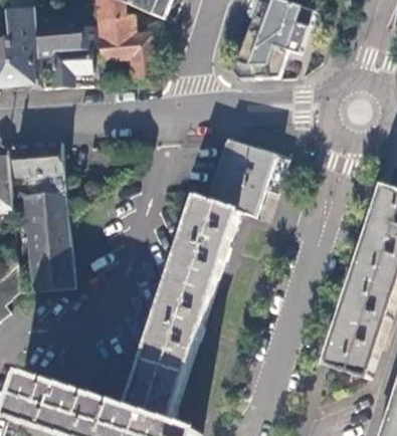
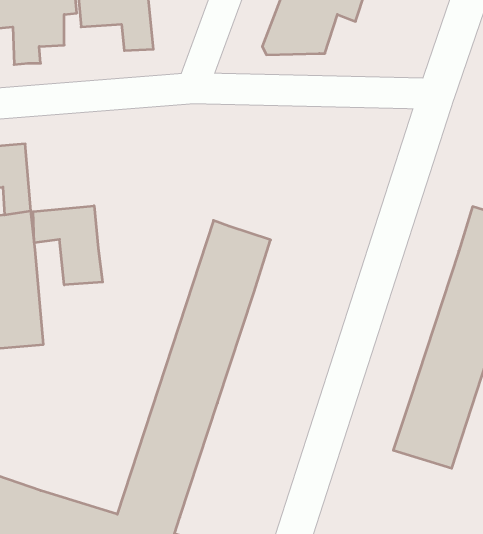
building: [206,138,285,217] -> none
building: none -> [33,206,103,285]

